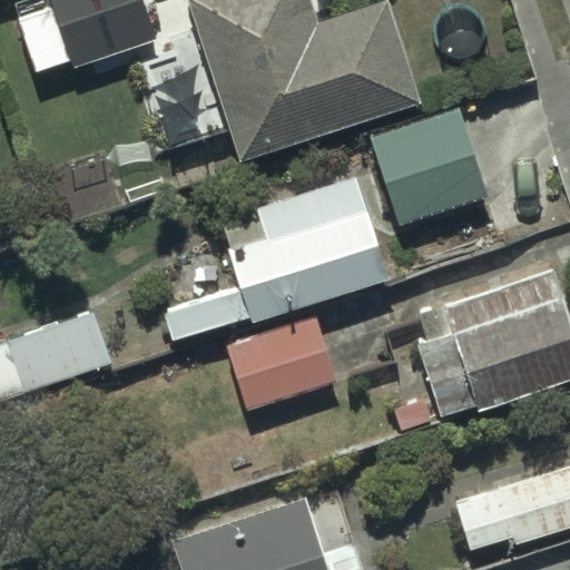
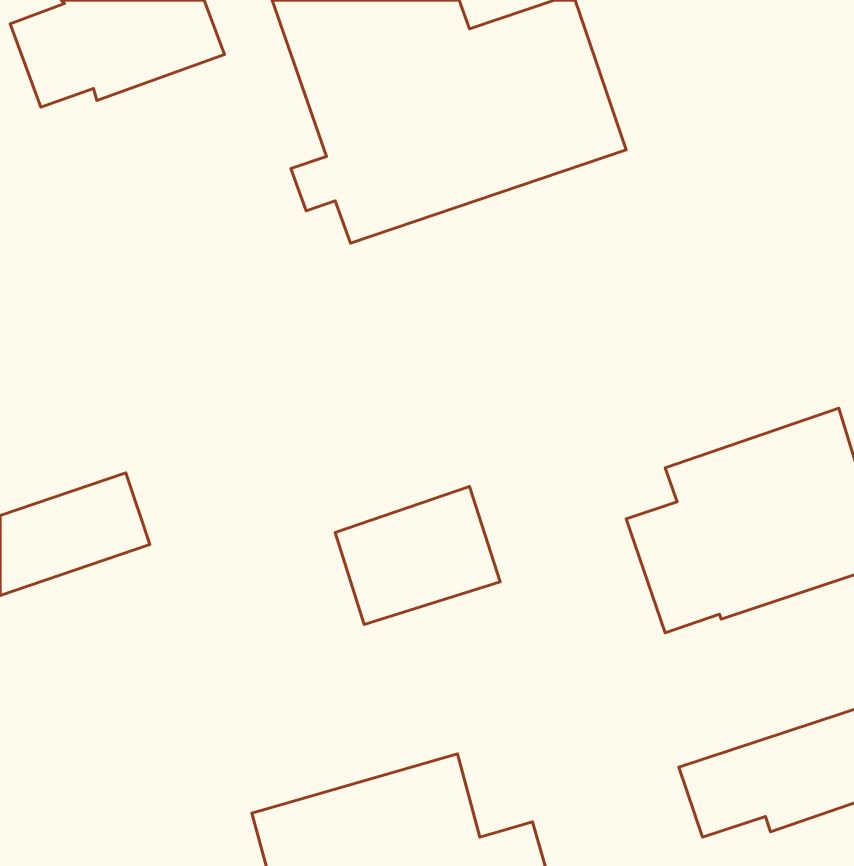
building: [371,109,483,226] -> none
building: [160,173,389,338] -> none

